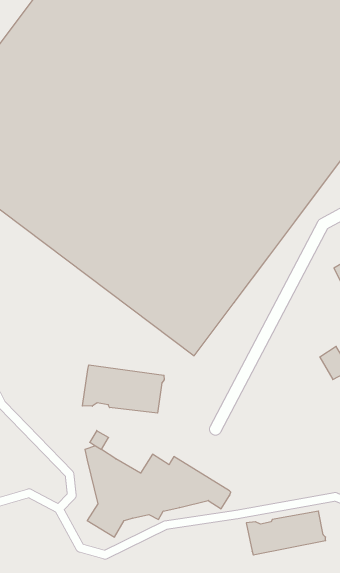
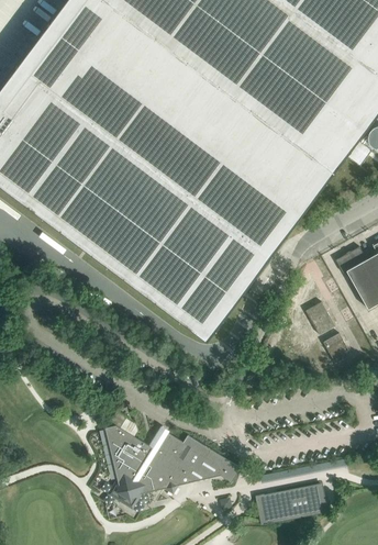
building: none -> [305,300,335,333]
building: [82,365,164,413] -> none

